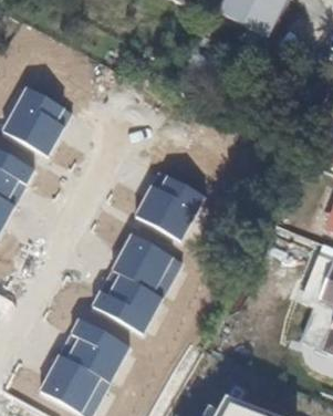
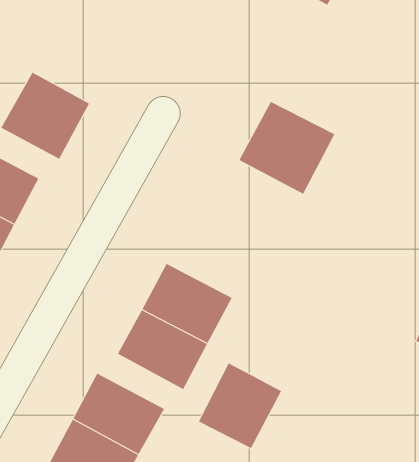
building: [134,169,208,241] -> [239,101,335,195]
building: none -> [198,363,282,449]

